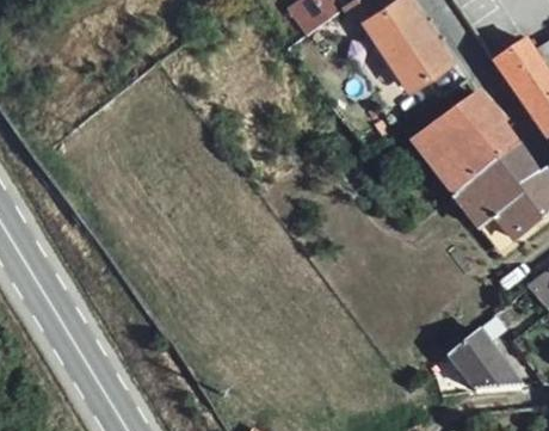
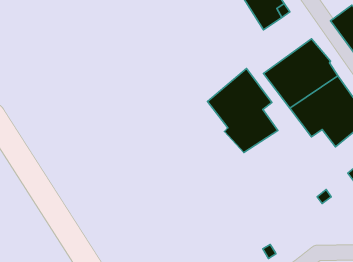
building: none -> [207,68,278,153]
building: [440,327,520,390] -> none

